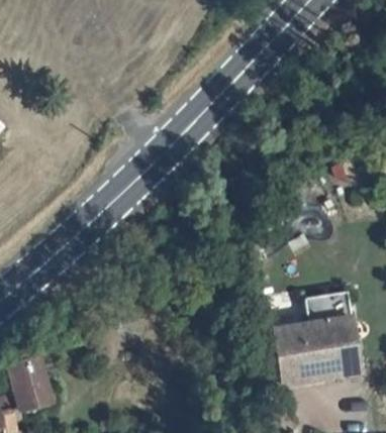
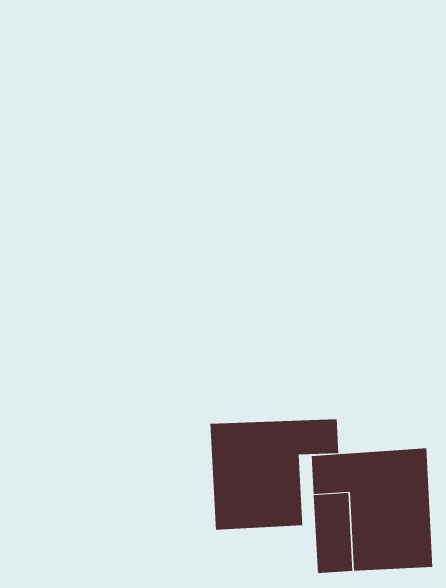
building: none -> [210,419,339,530]

